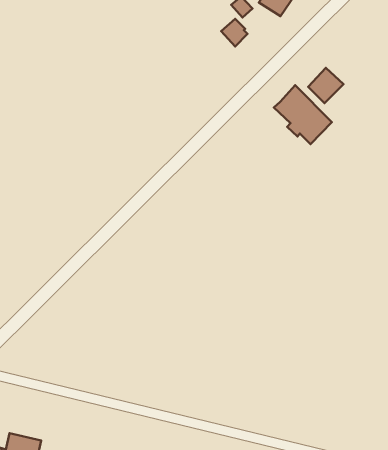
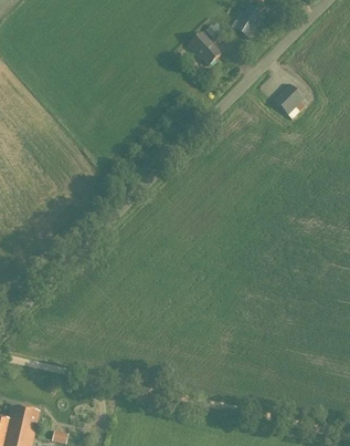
building: [274,85,332,144] -> none

